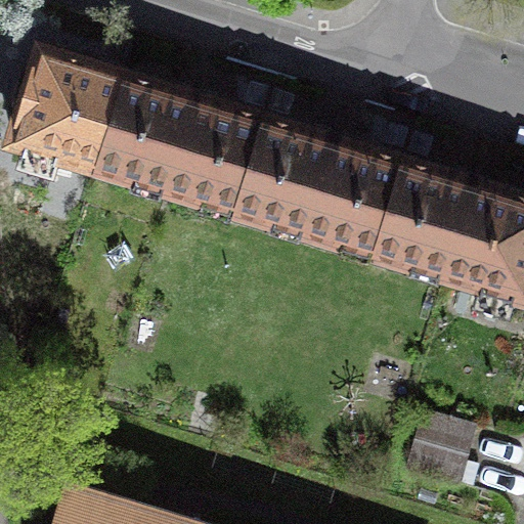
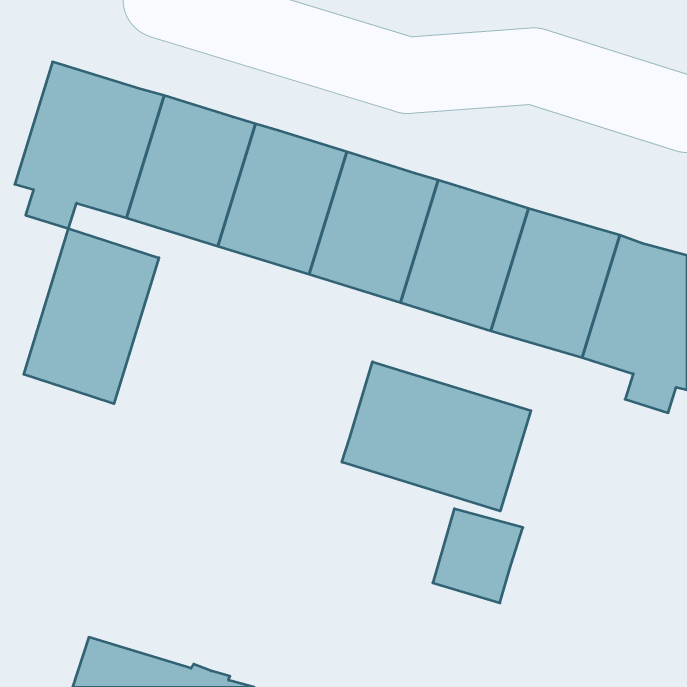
building: none -> [24,229,159,404]
building: none -> [342,362,531,511]
building: [407,409,476,481] -> [433,509,523,603]

